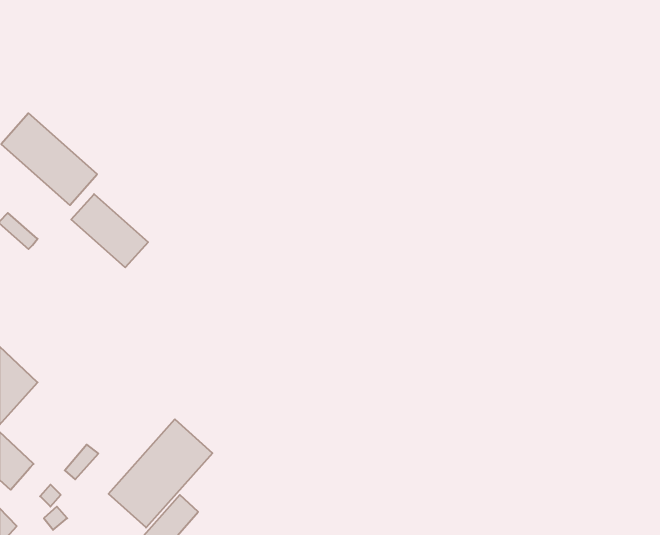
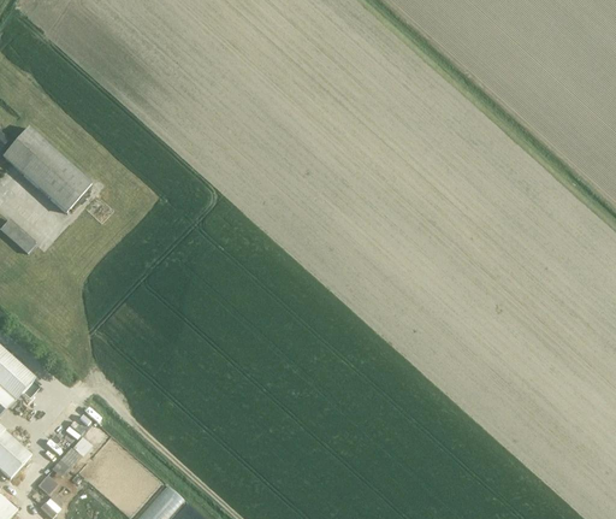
building: [71,194,148,267] -> none
building: [109,419,212,528] -> none

